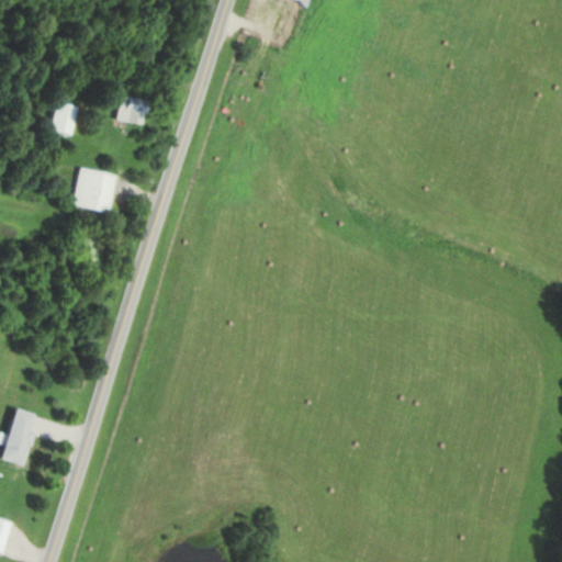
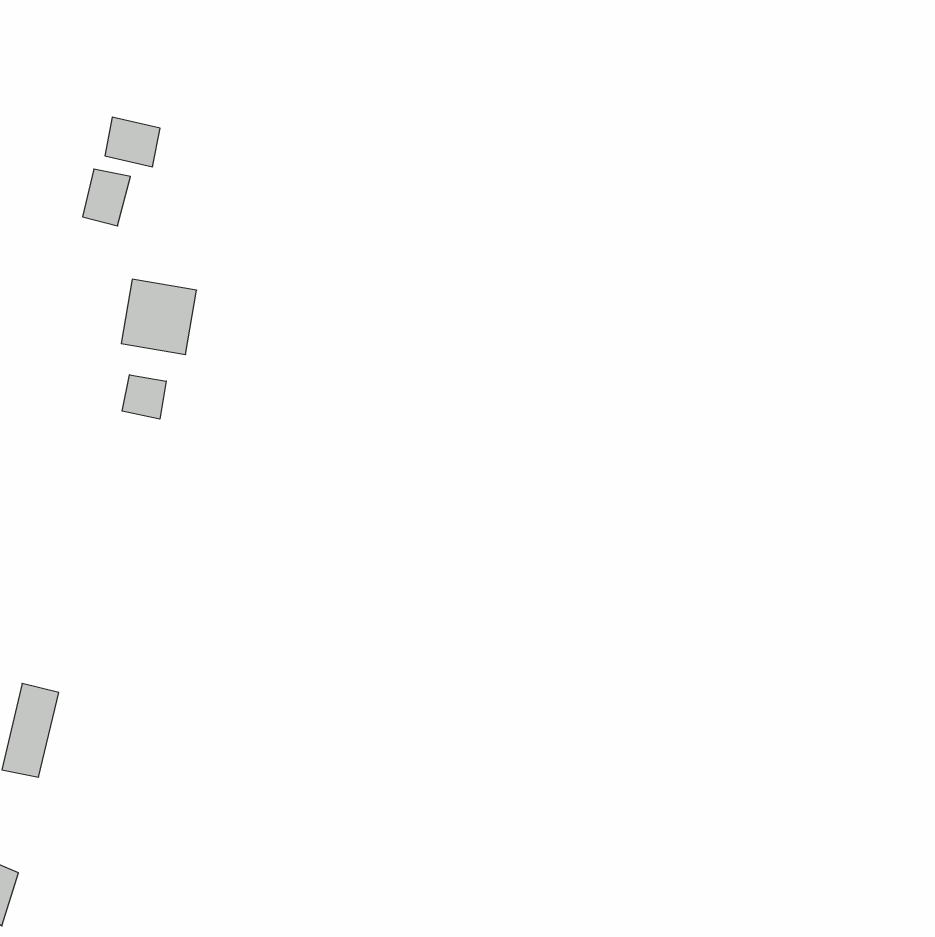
building: [115,95,148,125] -> [105,117,160,167]
building: none -> [122,375,166,419]

